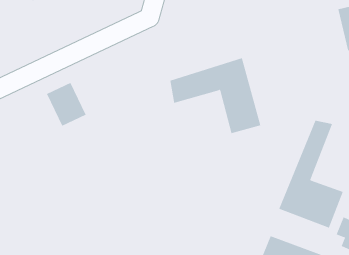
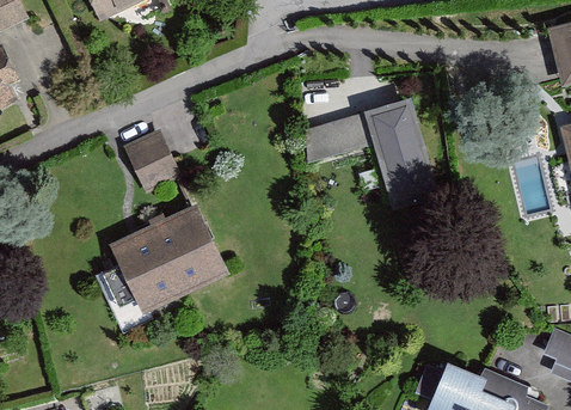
building: [279,120,343,229] -> none
building: none -> [122,212,225,300]

